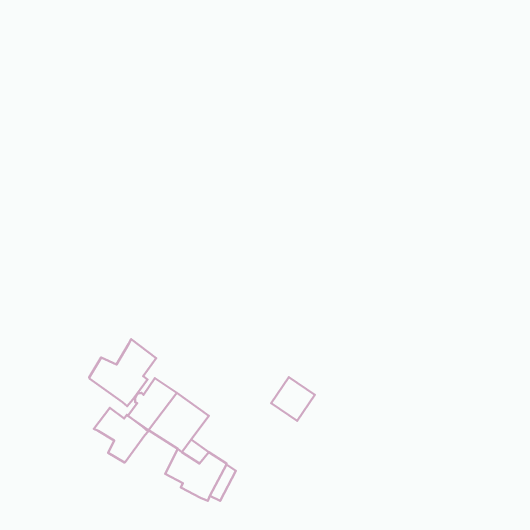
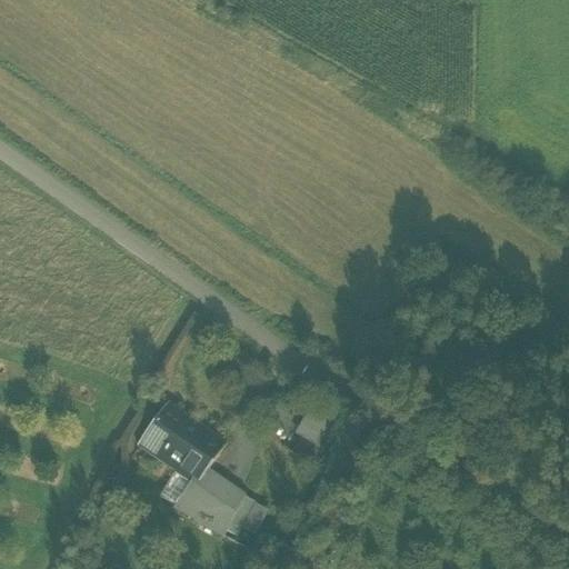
building: [89,339,156,406] -> none
building: [94,408,148,463] -> none

